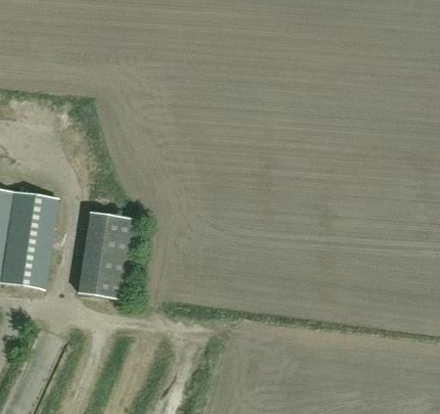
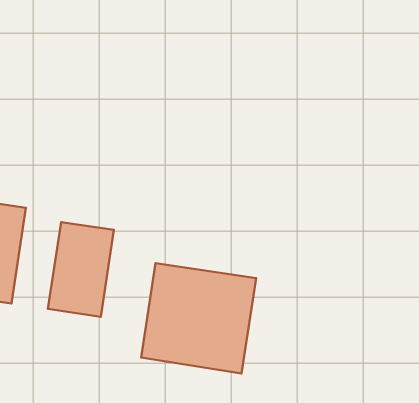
building: none -> [141,263,256,374]

